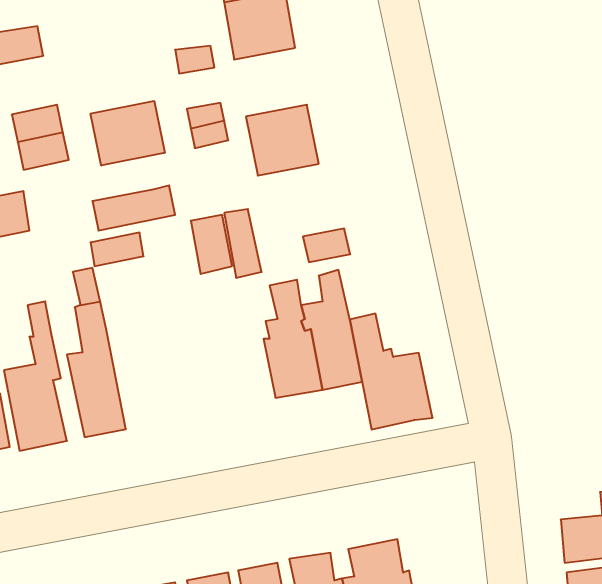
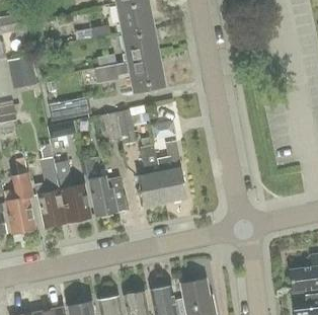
building: none -> [122,25,159,61]
building: [91,101,165,166] -> none
building: [350,314,433,430] -> [84,156,127,216]
building: none -> [57,167,91,221]

